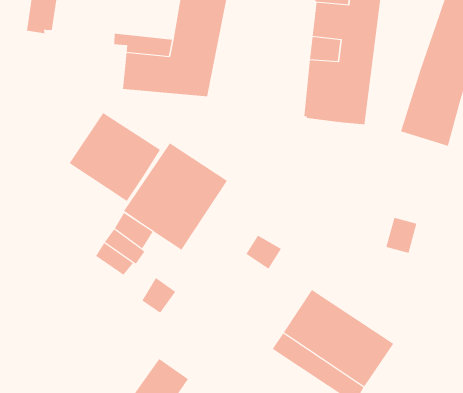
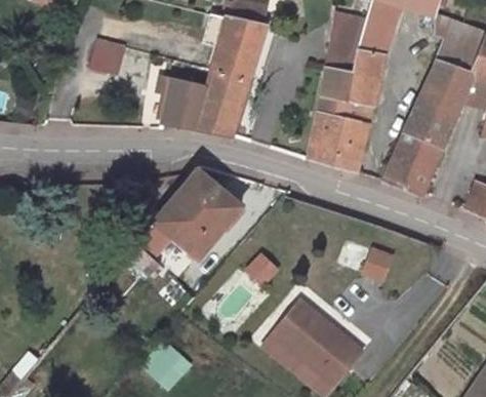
building: [69,112,161,202] -> none

